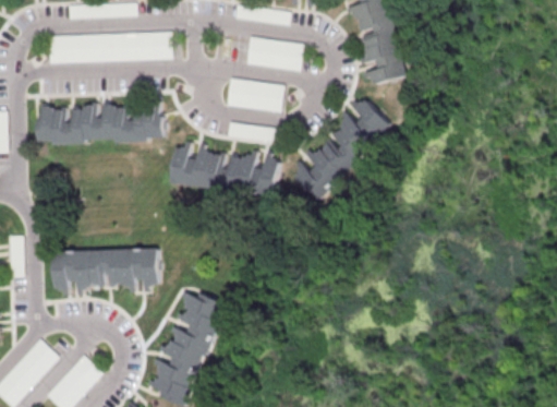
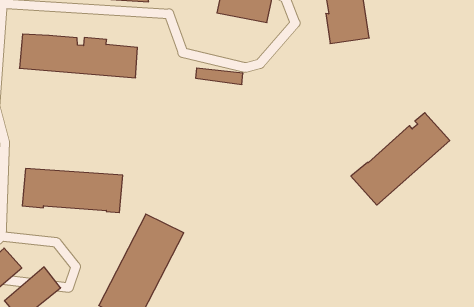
building: [223,80,281,112] -> none
building: [290,98,392,202] -> [351,113,450,205]
building: [170,143,279,197] -> none

